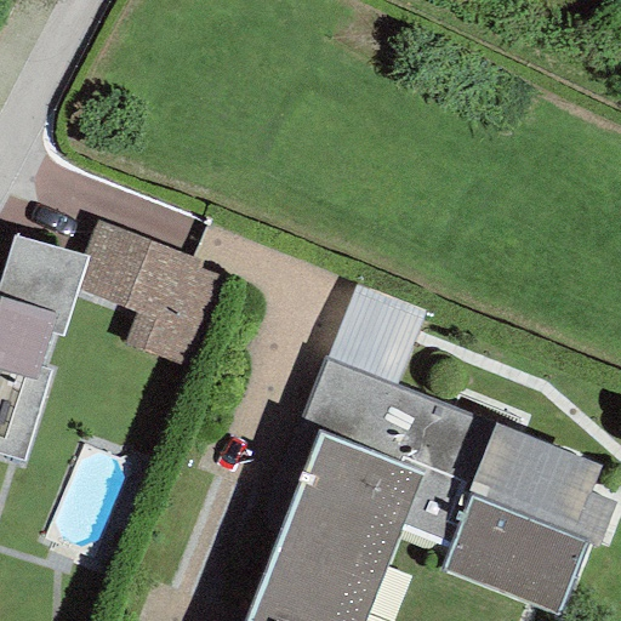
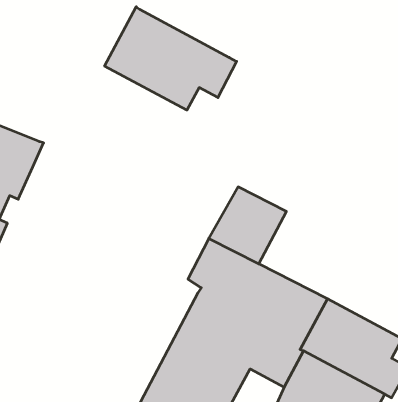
building: none -> [105,7,237,110]
building: [76,220,222,366] -> none

